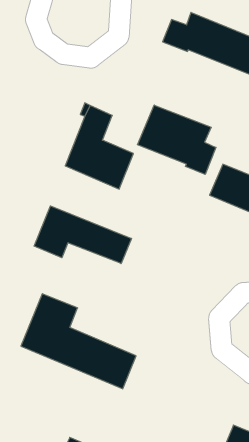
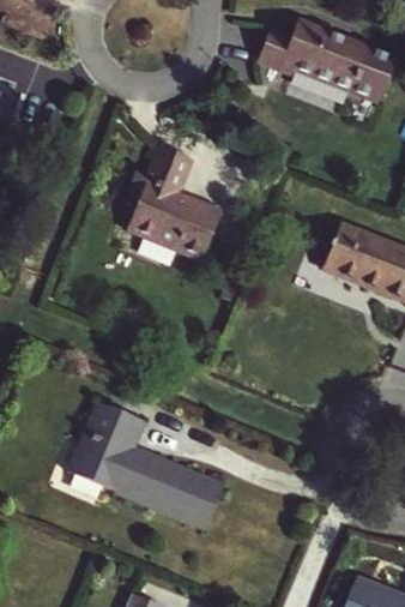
building: [138,105,216,174] -> none
building: [34,206,131,264] -> none

